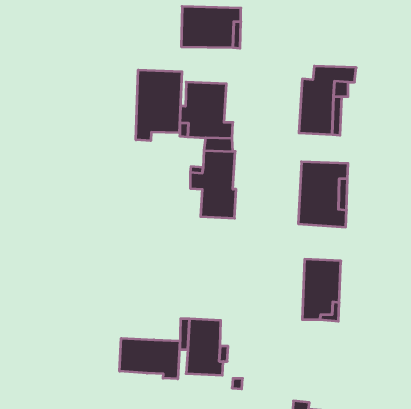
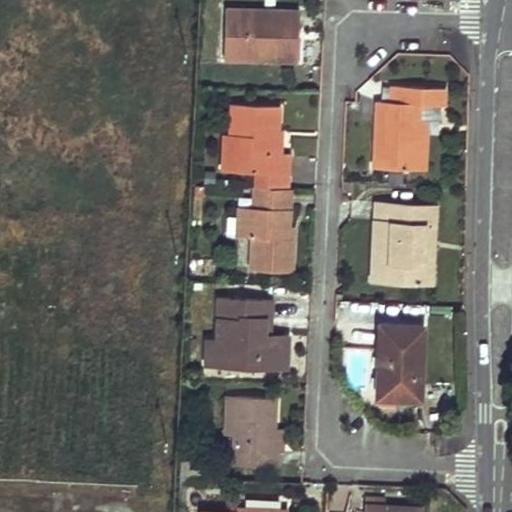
building: [136,70,182,141] -> none
building: none -> [206,301,287,372]
building: [120,338,180,379] -> none

